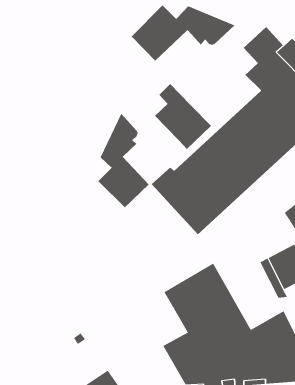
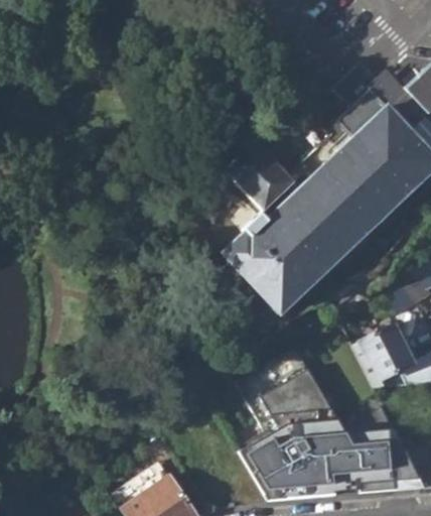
building: [131,4,236,62] -> none
building: [98,113,150,208] -> none

